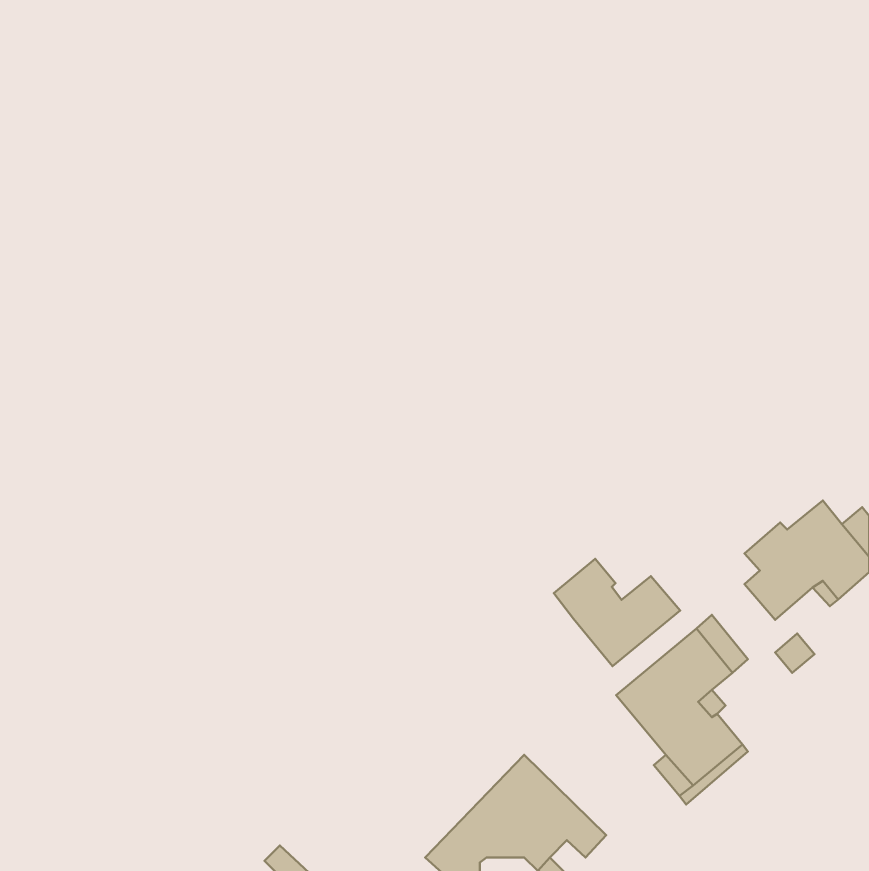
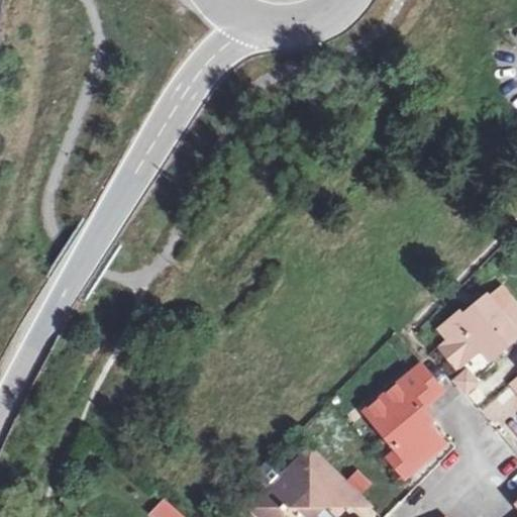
building: [554,559,680,666] -> none

